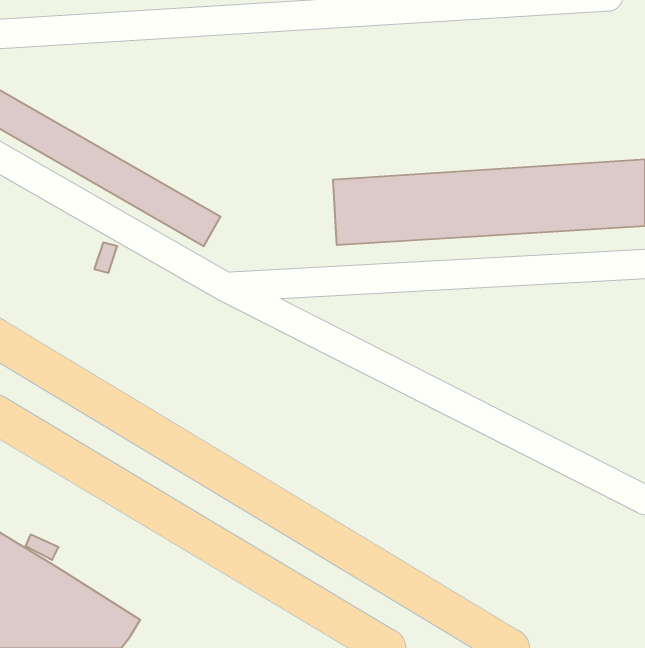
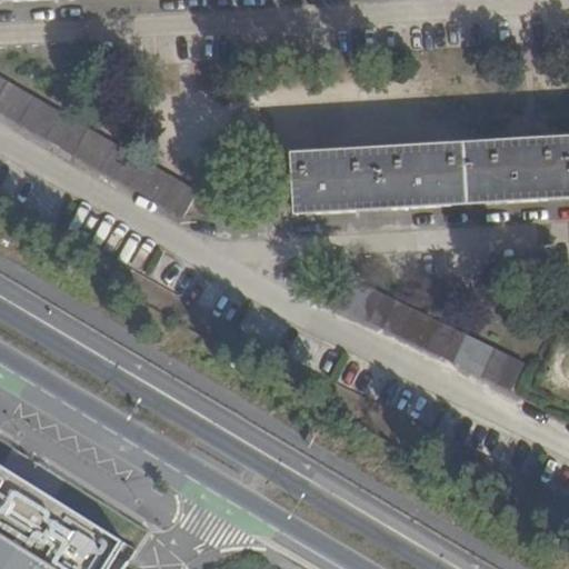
building: none -> [339,280,519,388]

